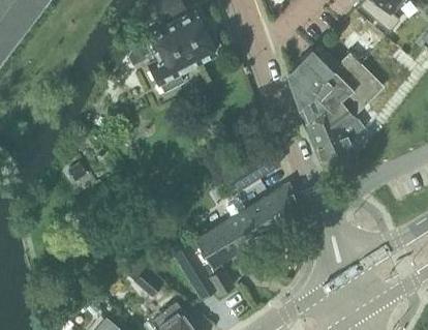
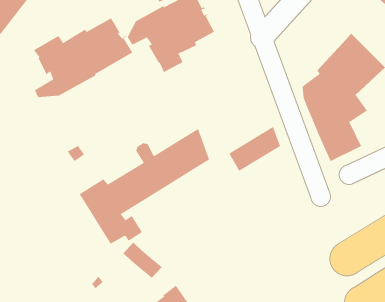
building: none -> [33,17,133,98]
building: [288,49,340,106] -> none
building: [171,183,300,298] -> [79,128,210,245]

